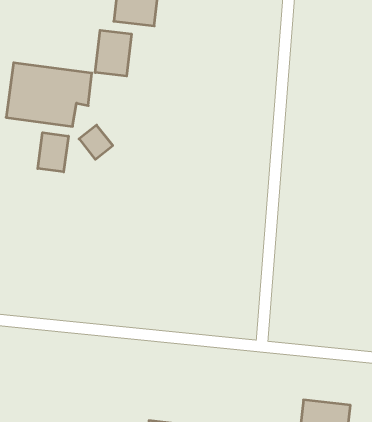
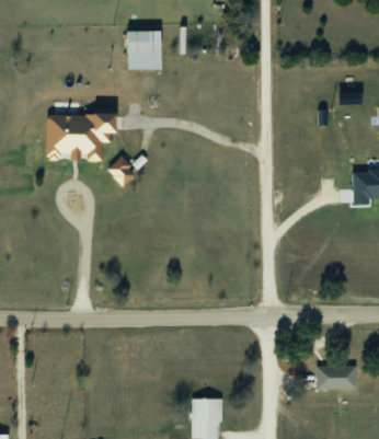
building: [95,30,131,76] -> none
building: [38,133,68,172] -> none

